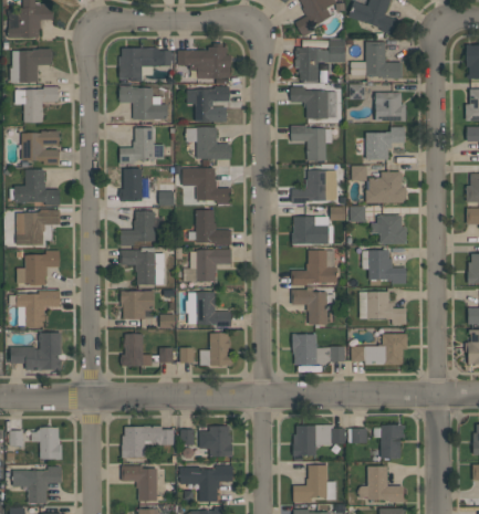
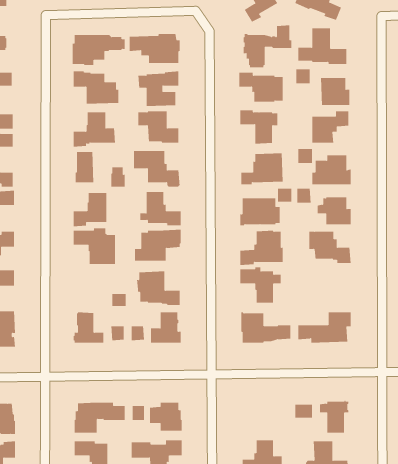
building: [121,291,155,319] -> none
building: [360,292,407,325] -> none
building: [293,426,346,457] -> none

